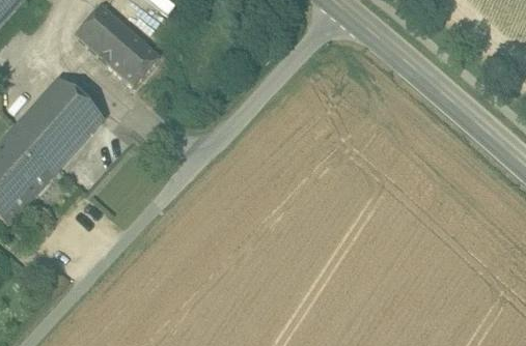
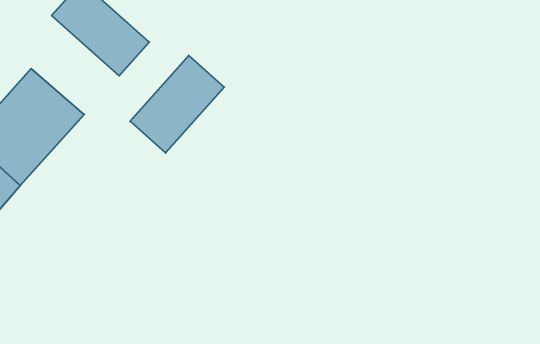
building: none -> [130,55,224,153]

